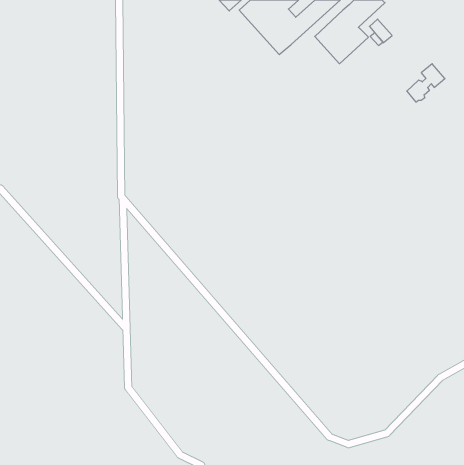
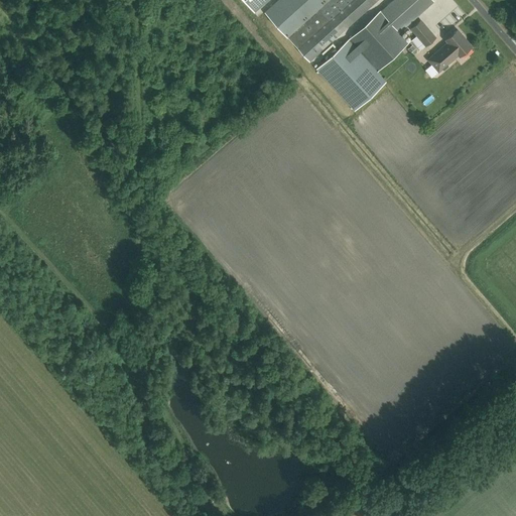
building: none -> [316,39,387,111]
building: [407,64,445,102] -> [430,29,473,72]

